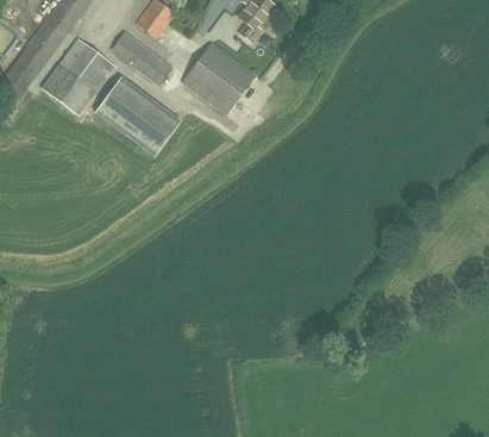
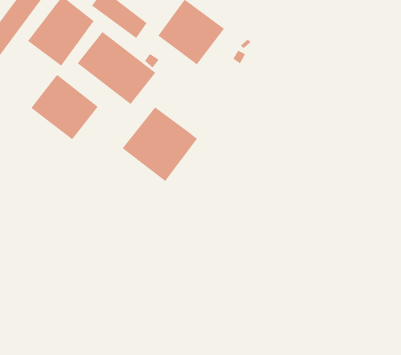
building: none -> [30,74,98,140]
building: none -> [122,106,198,182]

